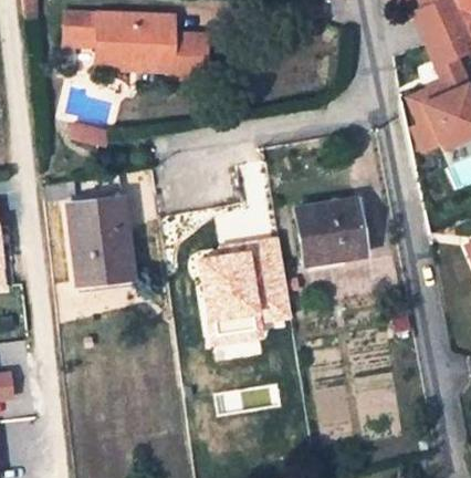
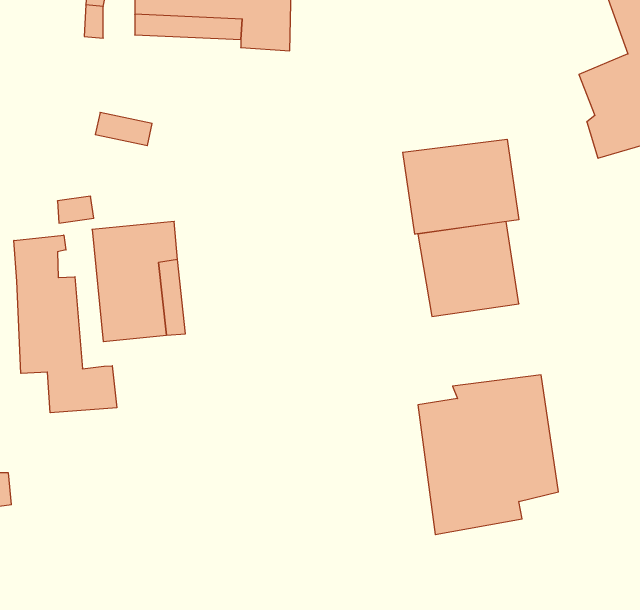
building: none -> [403,139,519,234]
building: none -> [14,235,117,413]
building: [196,238,294,350] -> [418,375,558,535]

